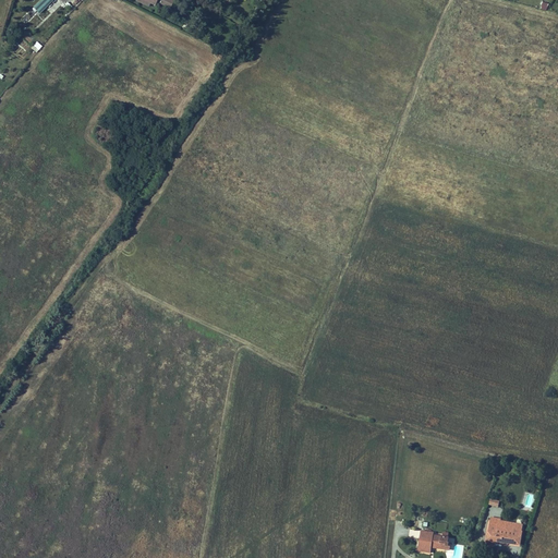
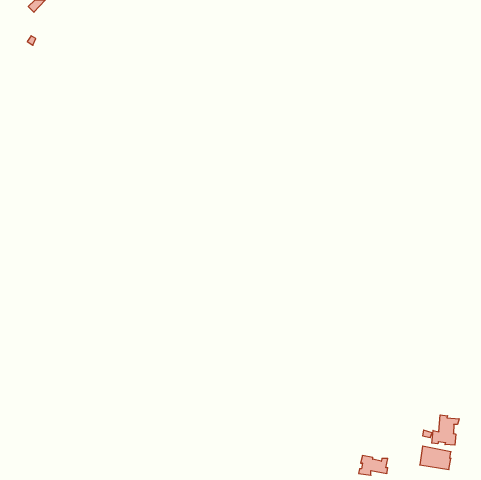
building: none -> [432,415,459,445]

